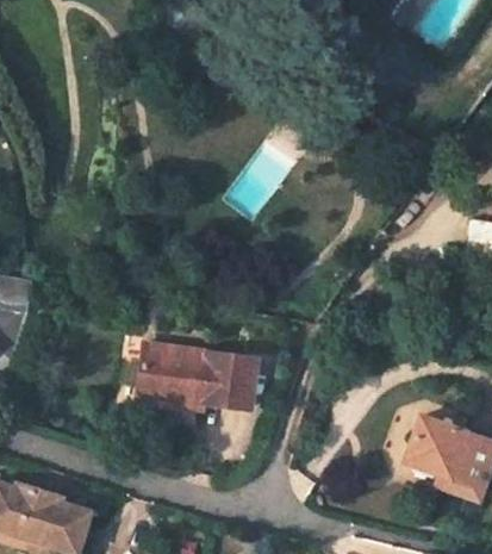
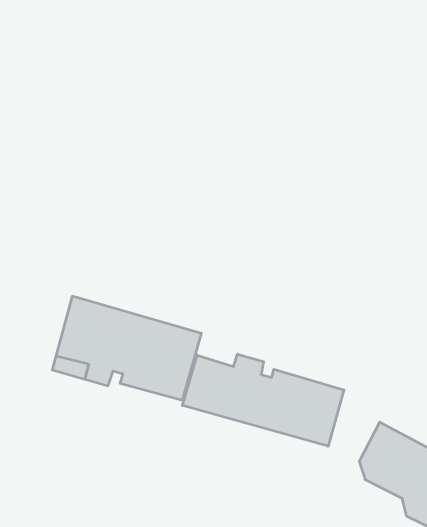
building: none -> [182,354,344,446]

